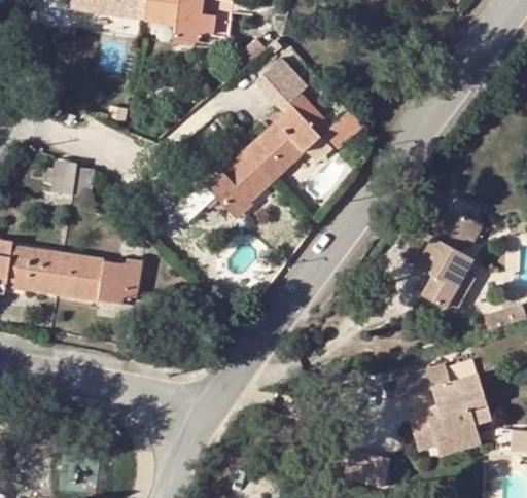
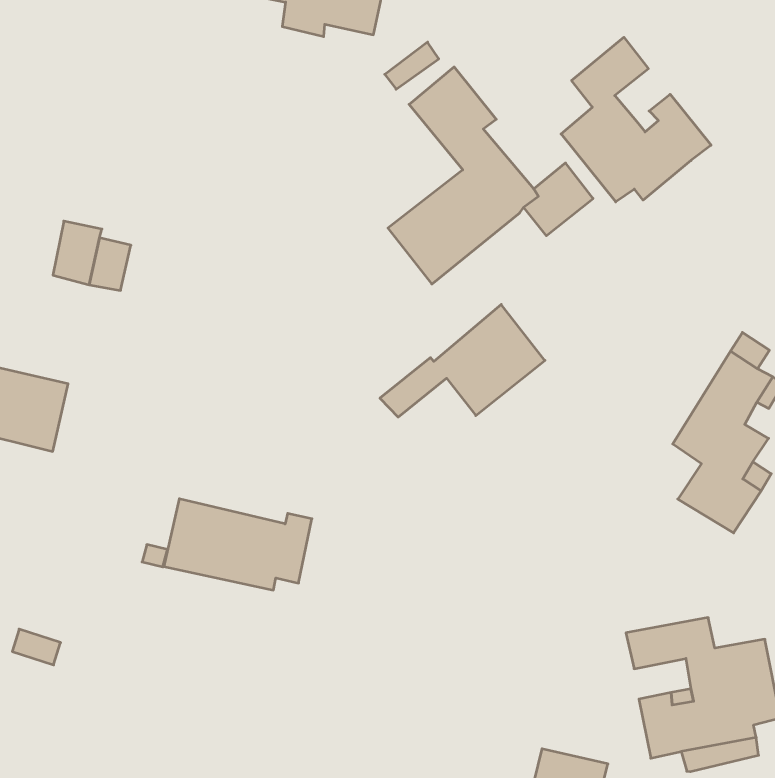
building: none -> [561,37,711,202]
building: [176,150,271,220] -> [380,304,545,417]
building: [57,254,141,304] -> [164,499,312,590]

